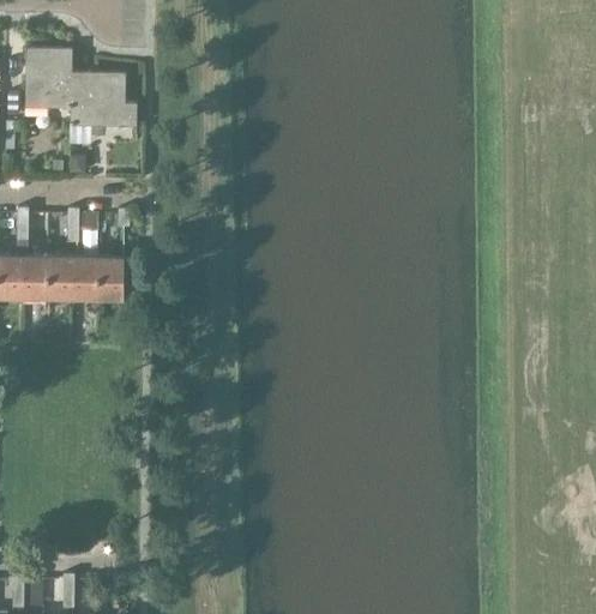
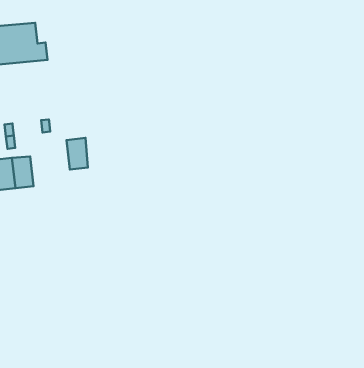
building: [96,258,122,299] -> [66,138,88,169]

